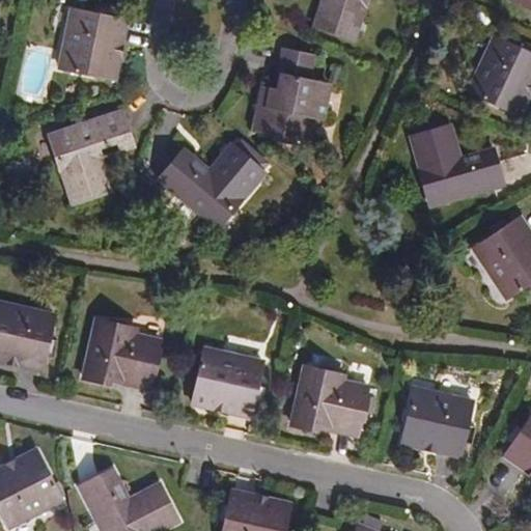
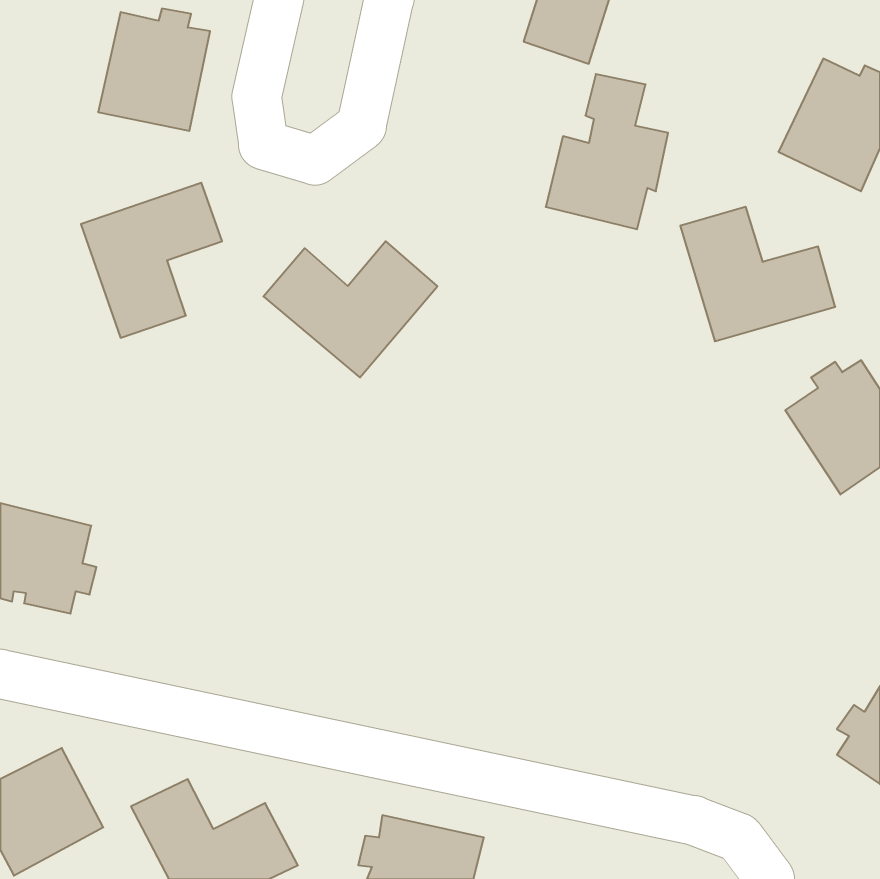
building: [255,50,329,143] -> [546,74,668,229]
building: [84,319,160,386] -> none
building: [191,348,266,416] -> none
building: [291,366,367,432] -> none
building: [401,388,475,455] -> none

